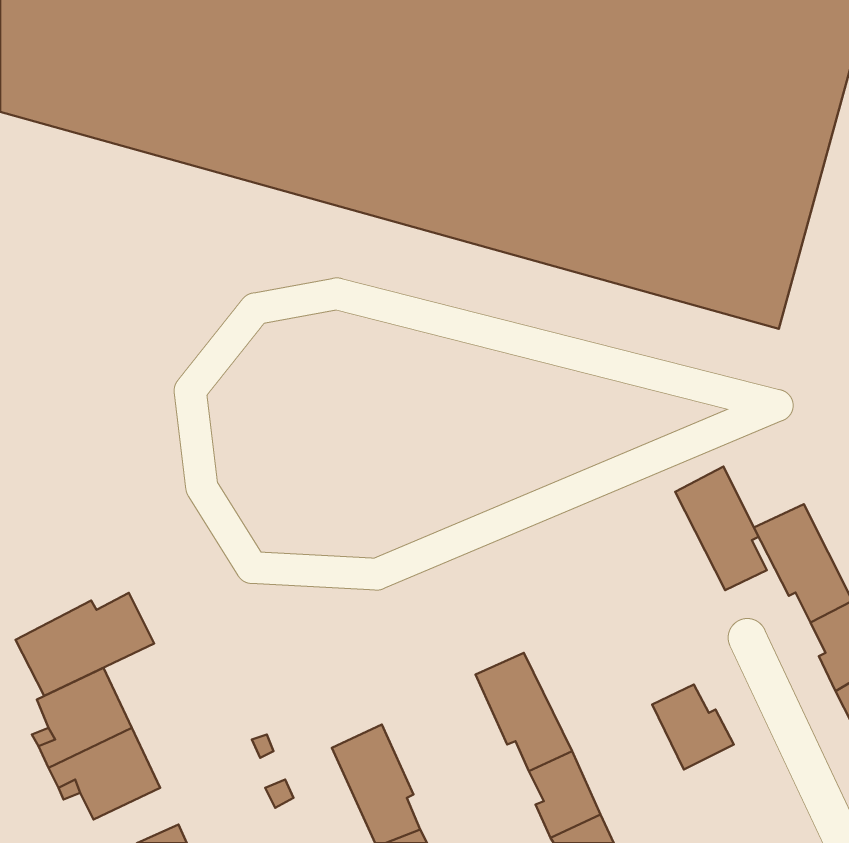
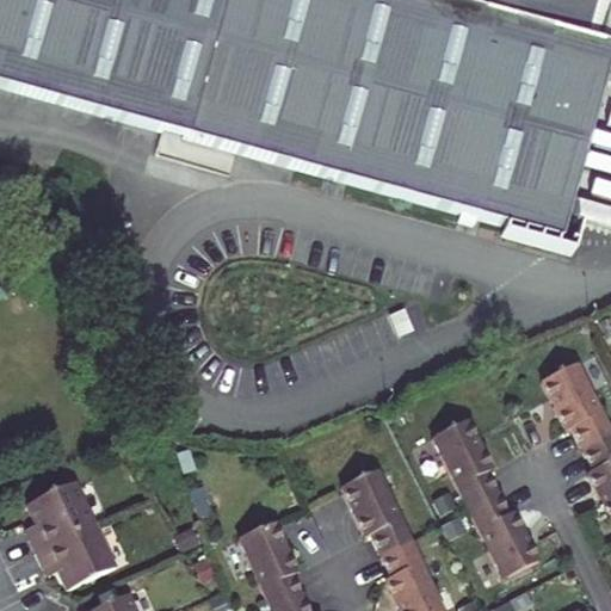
building: [675,467,767,590] -> [433,415,499,504]
building: [15,593,154,696] -> none
building: none -> [492,532,539,575]

